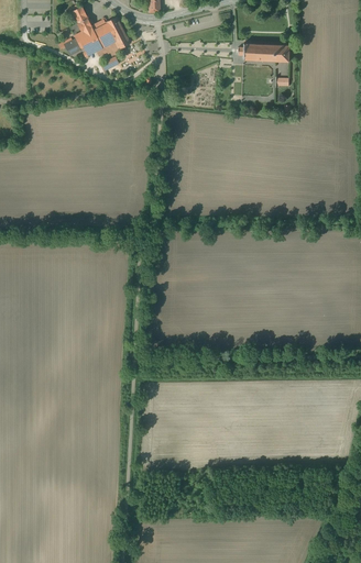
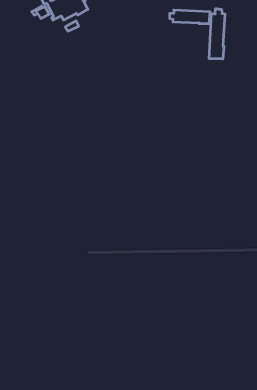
building: none -> [209,9,225,59]

